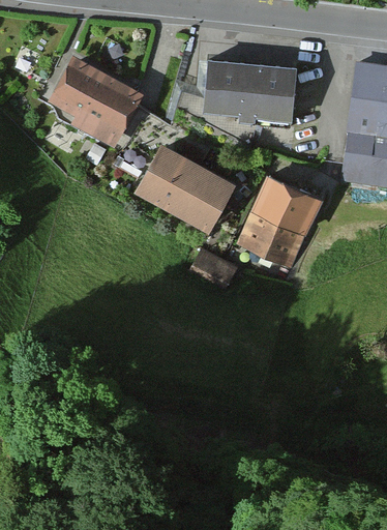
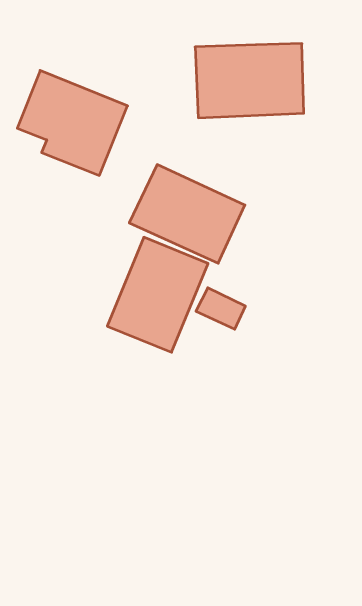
building: [233,176,321,273] -> [107,237,208,352]

